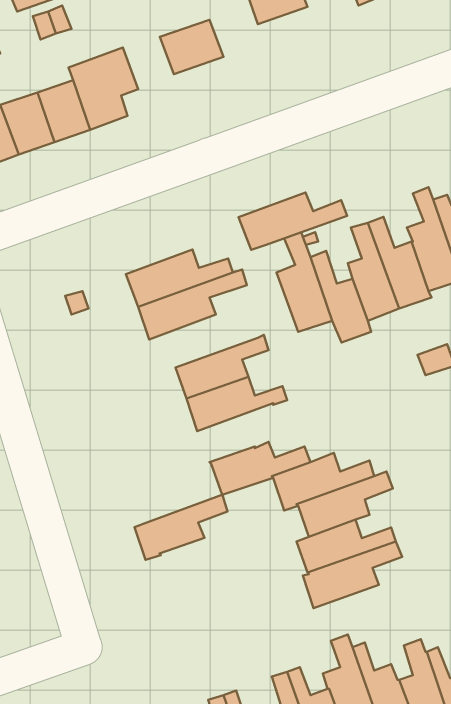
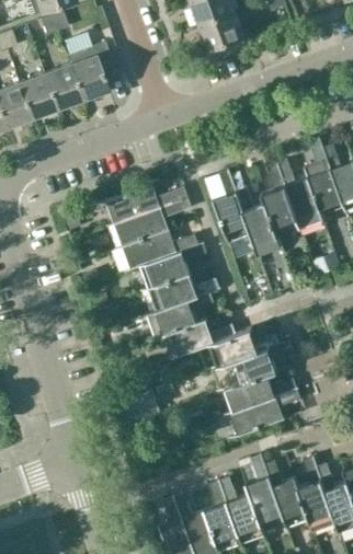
building: [160,20,224,74] -> [198,13,243,51]
building: [239,192,347,250] -> [122,230,198,270]
building: [135,494,228,560] -> [147,292,213,338]

